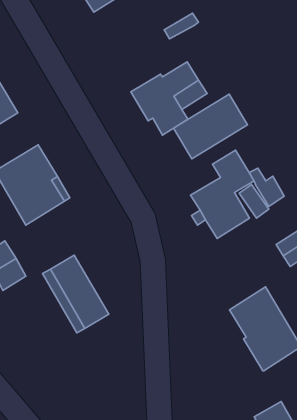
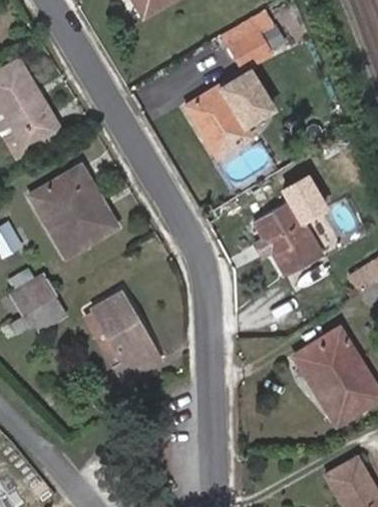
building: none -> [230,30,271,69]
building: [174,94,248,159] -> none
building: [249,168,284,206] -> none

